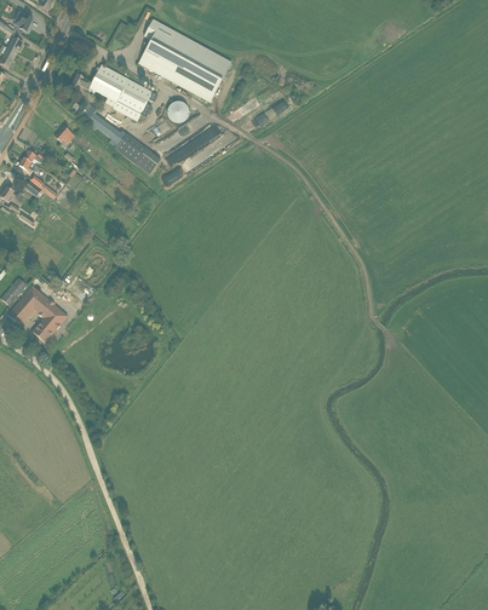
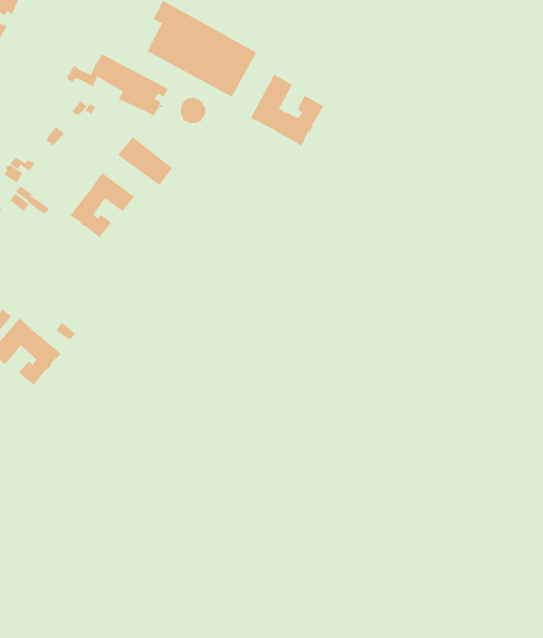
building: none -> [250,73,324,146]
building: none -> [70,172,135,238]

